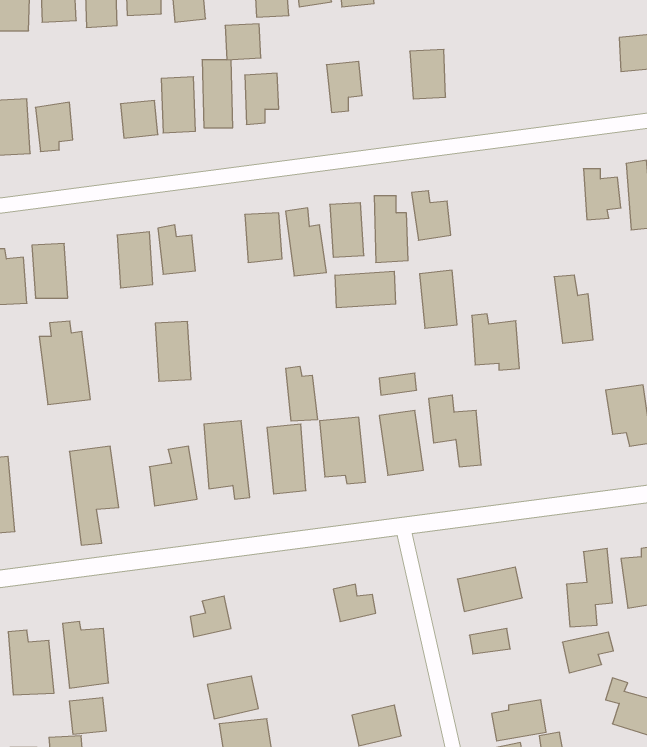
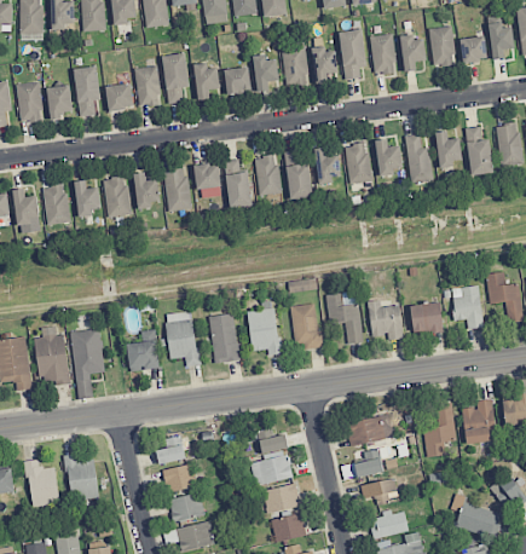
building: none -> [429,27,455,67]
building: [225,24,261,60] -> [225,68,250,93]
building: none -> [340,29,365,80]
building: none -> [370,34,395,75]
building: none -> [401,35,426,71]
building: none -> [283,47,308,86]
building: none -> [73,65,102,116]
building: none -> [375,139,403,174]
building: none -> [75,180,100,214]
building: [420,270,457,328] -> [345,143,371,184]
building: [335,271,396,308] -> none
building: [554,275,593,343] -> [405,134,433,183]
building: [472,314,519,370] -> [369,300,403,340]
building: [39,321,90,405] -> [34,327,70,386]
building: [155,322,191,381] -> [164,168,190,210]
building: [286,366,317,421] -> none
building: none -> [410,302,443,333]
building: none -> [250,450,293,486]
building: [562,632,613,673] -> [360,478,397,507]
building: none -> [163,462,198,492]
building: none -> [262,483,301,514]
building: [69,697,106,734] -> none

